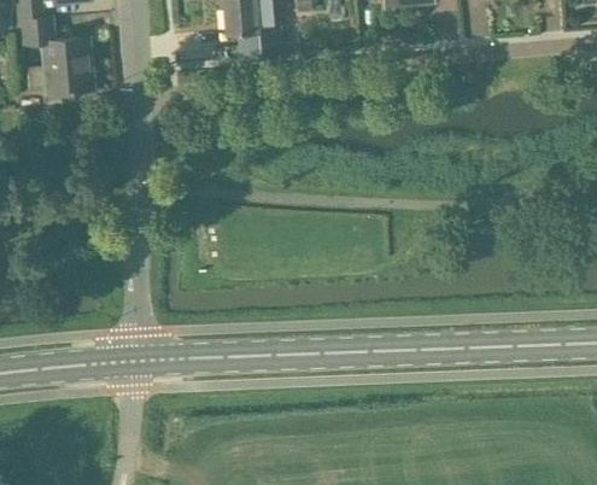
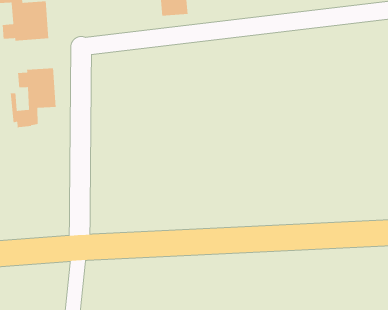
building: none -> [10,68,57,128]

